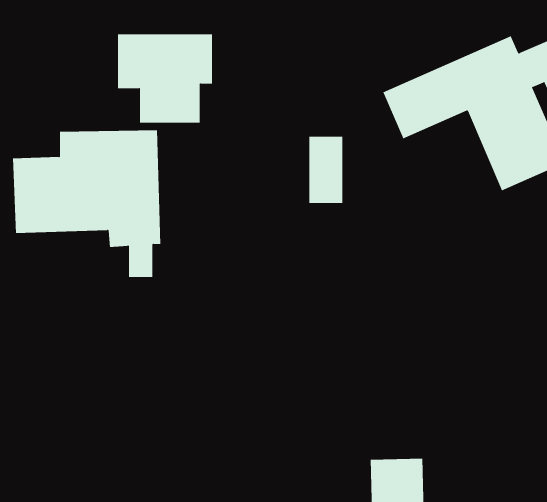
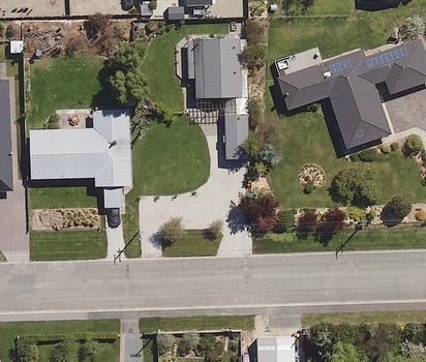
building: [117,34,213,123] -> [183,40,246,99]

